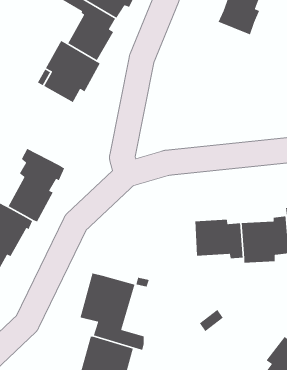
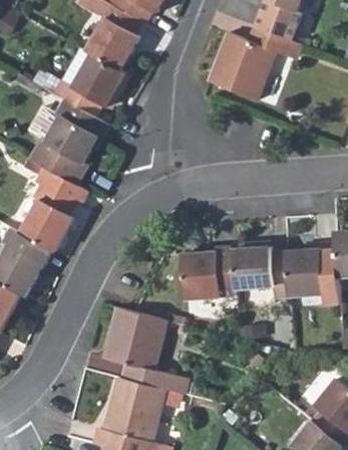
building: none -> [213,25,295,99]
building: none -> [31,99,110,186]
building: none -> [182,246,235,299]

